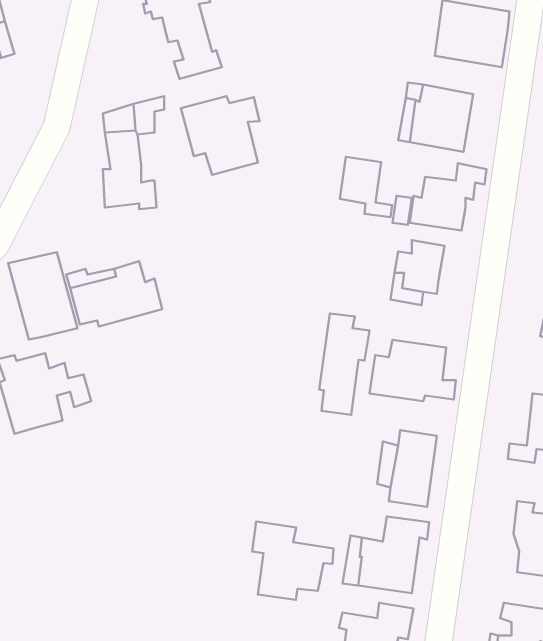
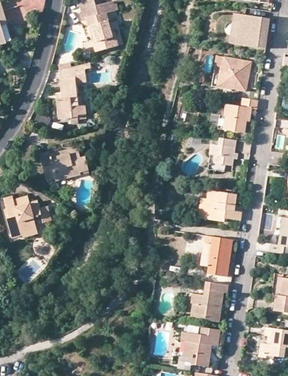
building: [181,96,260,175] -> none
building: [340,157,392,217] -> none
building: [8,252,77,339] -> none
building: [319,314,370,415] -> none
building: [252,521,333,600] -> none

